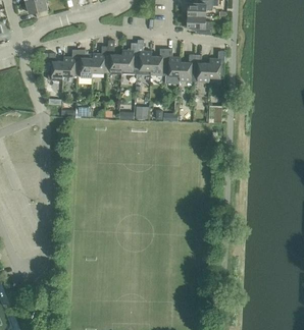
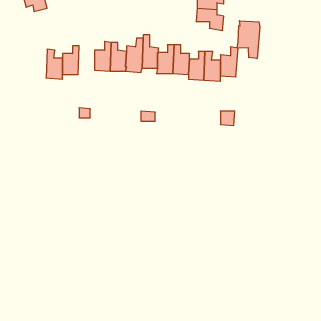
building: none -> [237,21,260,59]
building: [77,50,92,77] -> none

